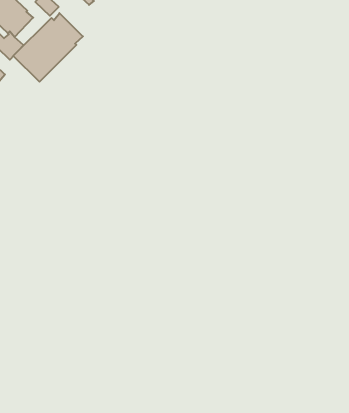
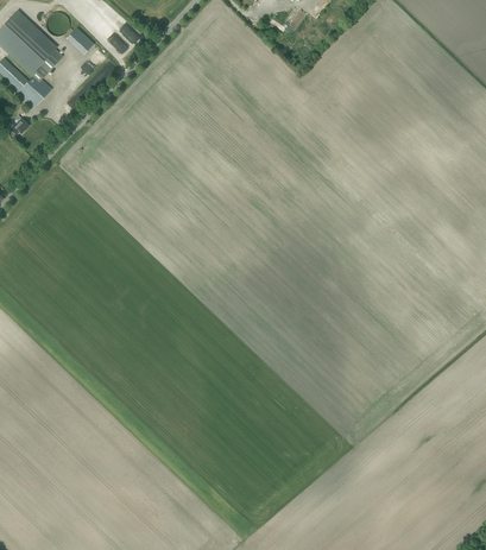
building: [13,13,83,82] -> none

